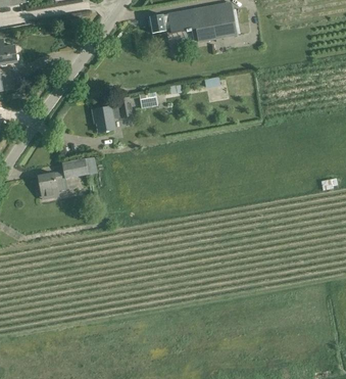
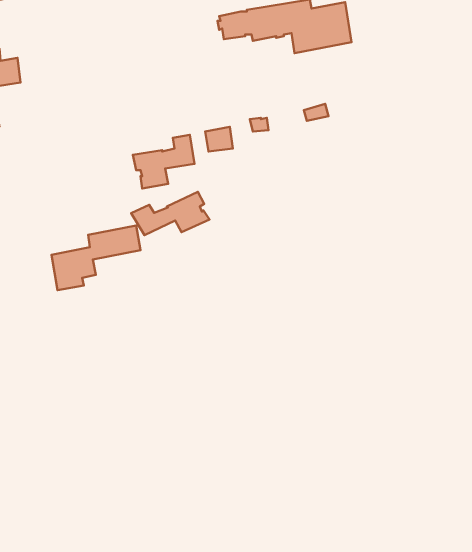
building: none -> [131,192,209,235]

